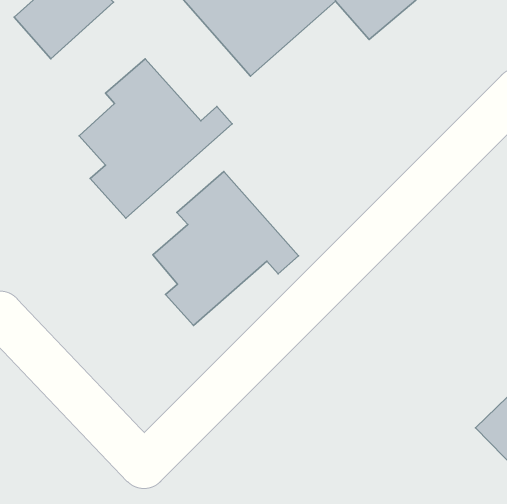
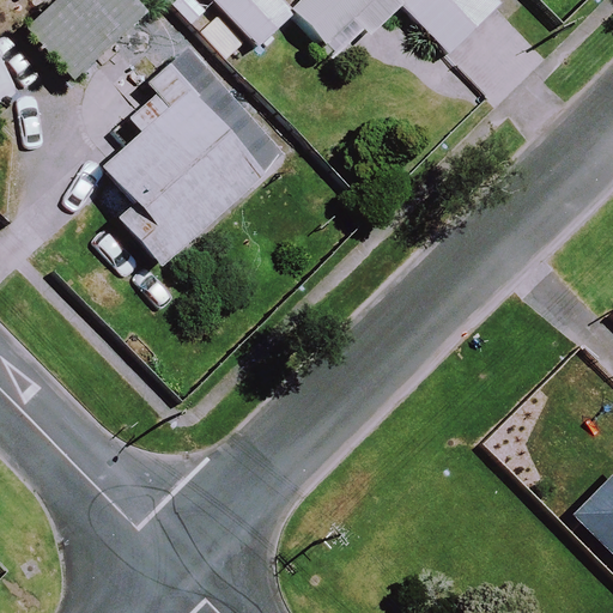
building: [153,172,298,325] -> none

